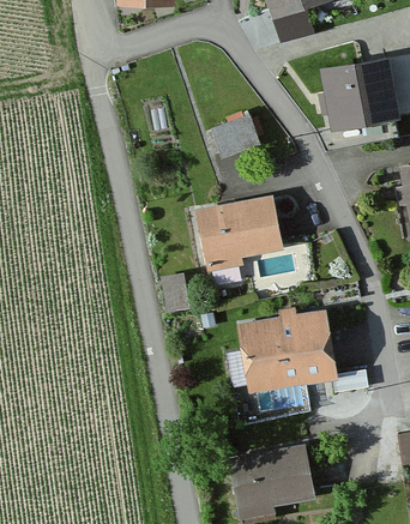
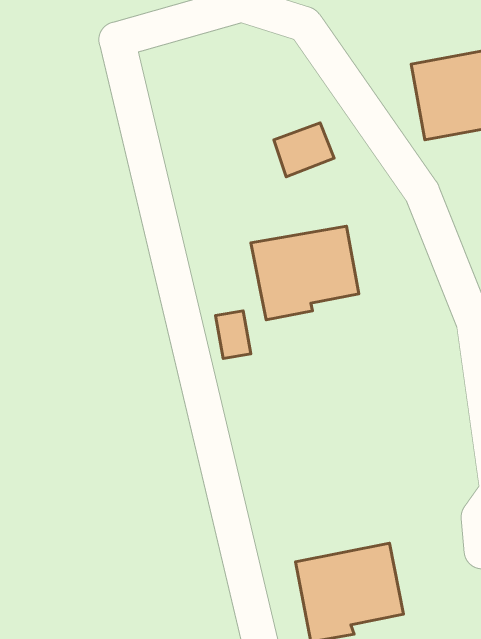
building: [239,308,338,392] -> none

